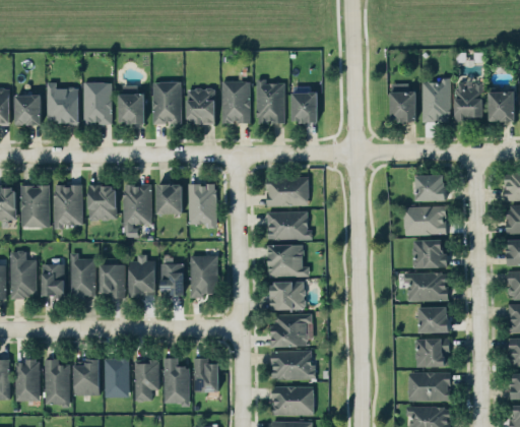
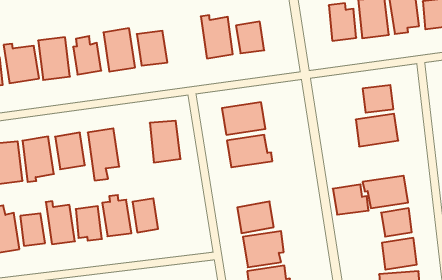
building: [221,81,250,123] -> none
building: [156,185,183,215] -> none
building: [412,240,447,268] -> [333,184,369,215]
building: [268,245,309,278] -> none
building: [190,255,218,297] -> none

